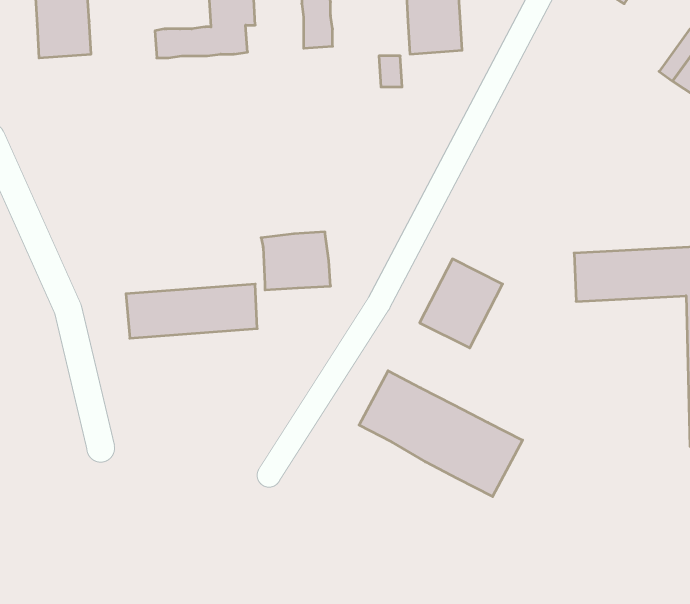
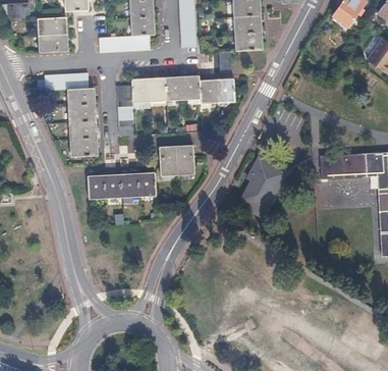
building: none -> [44,74,97,158]
building: none -> [117,74,234,136]
building: [359,371,523,497] -> none

